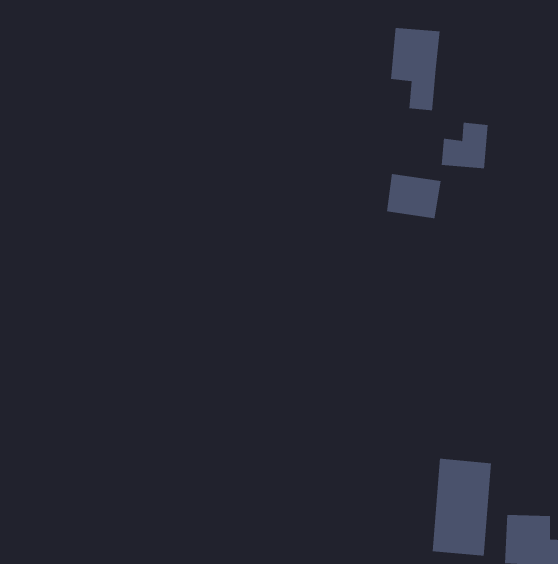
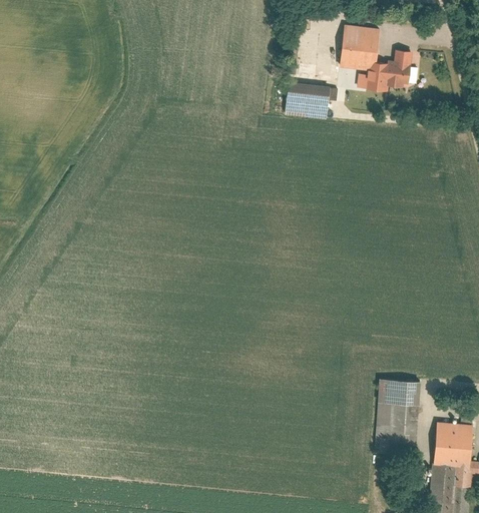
building: [441,122,489,169] -> [375,47,414,85]
building: [386,173,441,219] -> [287,81,332,118]

